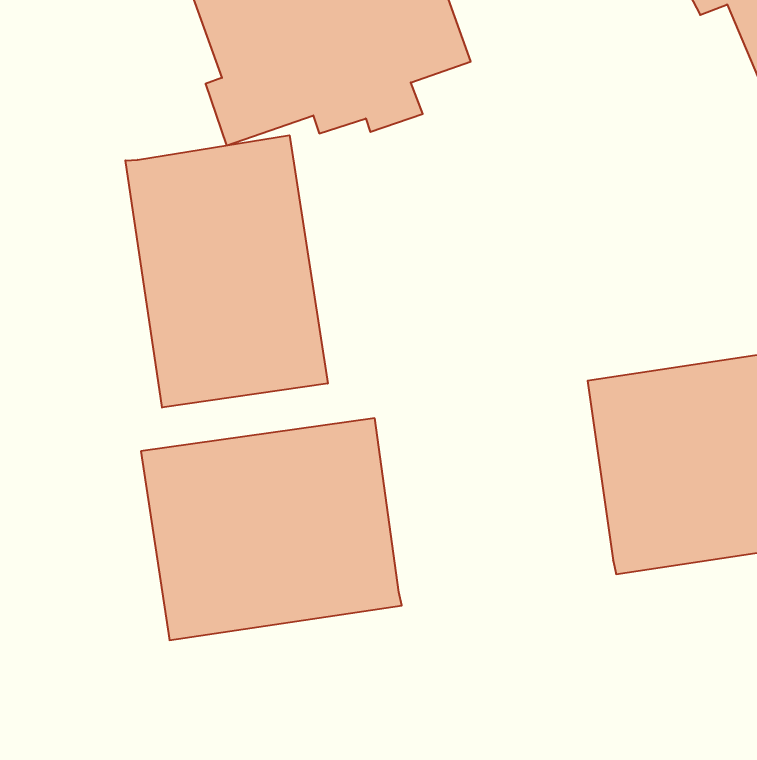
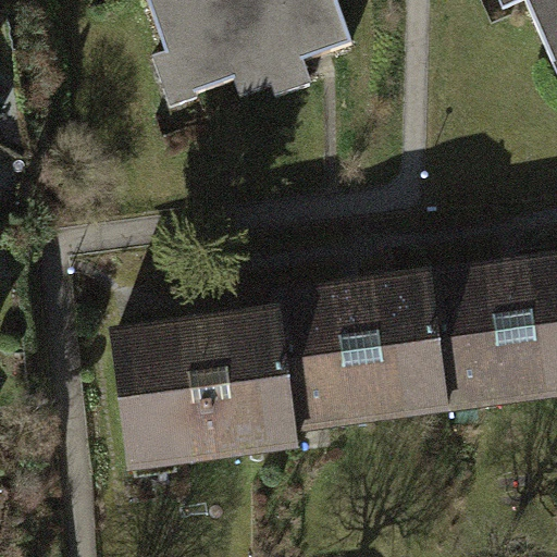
building: [125,135,328,408] -> none
building: none -> [275,263,451,430]

